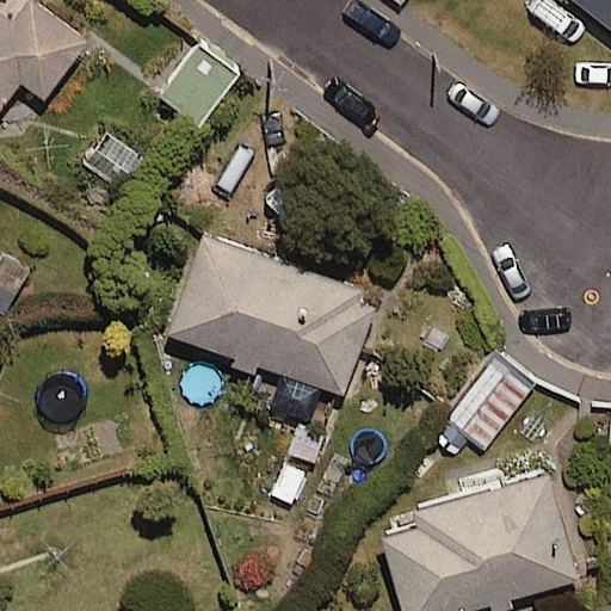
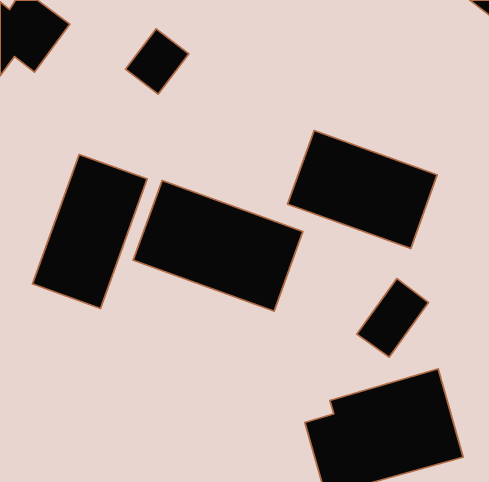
building: none -> [288,130,437,249]
building: none -> [33,154,147,308]

